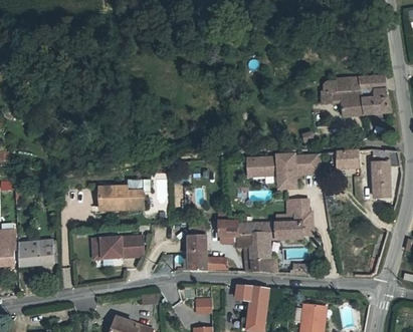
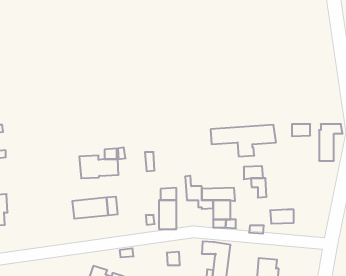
building: [323,75,394,118] -> none
building: [274,223,301,239] -> [270,210,294,224]
building: [23,243,53,265] -> none

